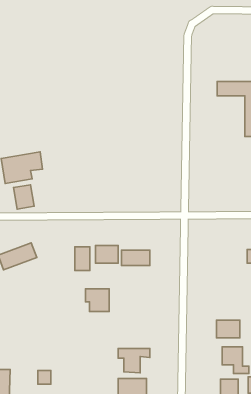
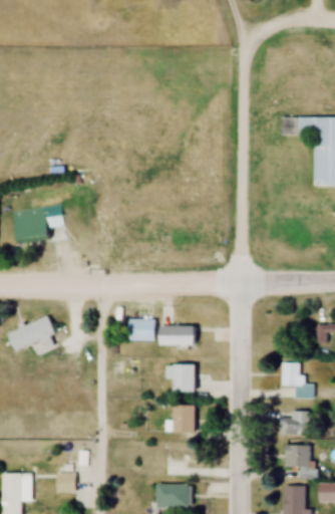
building: [14,185,34,209] -> none
building: [75,247,90,270] -> none
building: none -> [280,362,312,399]
building: [86,289,109,312] -> [166,364,196,393]
building: none -> [173,406,195,434]

